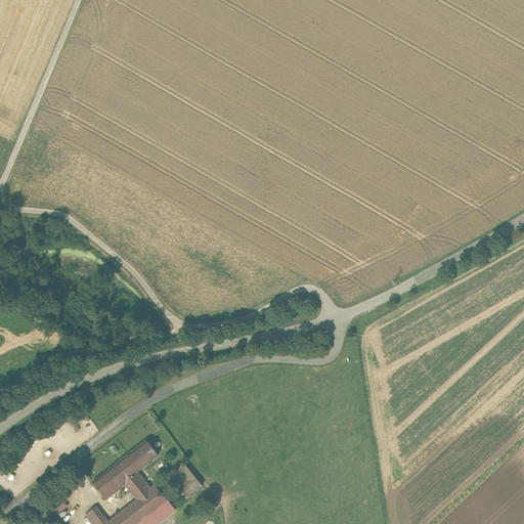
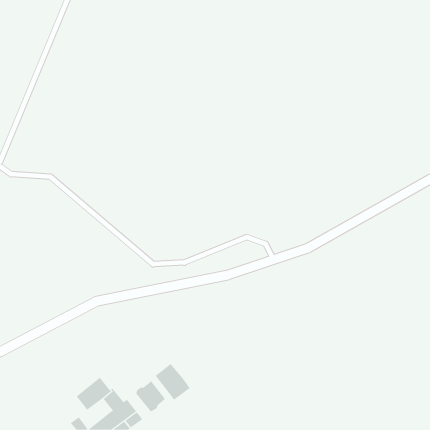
building: [122,440,159,474] -> none
building: none -> [155,363,191,401]

